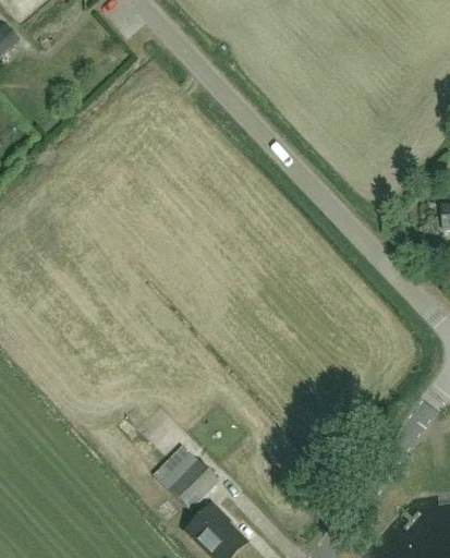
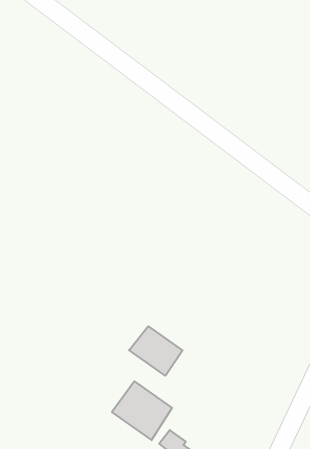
building: none -> [129,326,183,376]

